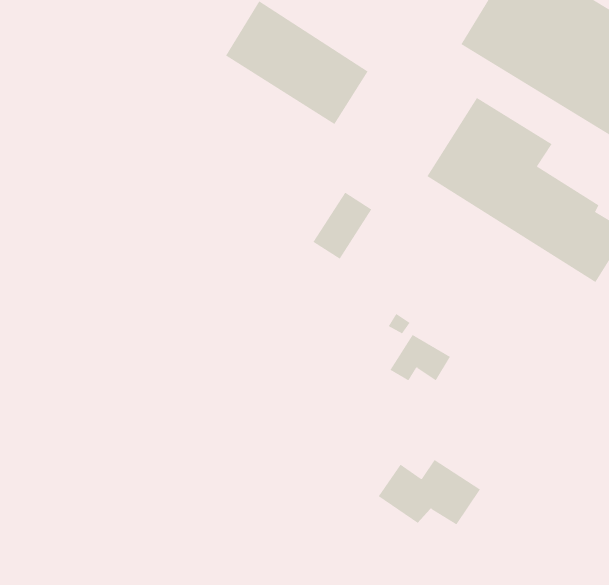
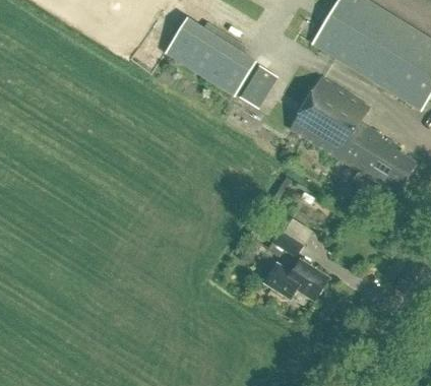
building: [313,192,372,259] -> [239,65,276,108]
building: [378,459,481,525] -> [264,258,329,300]

